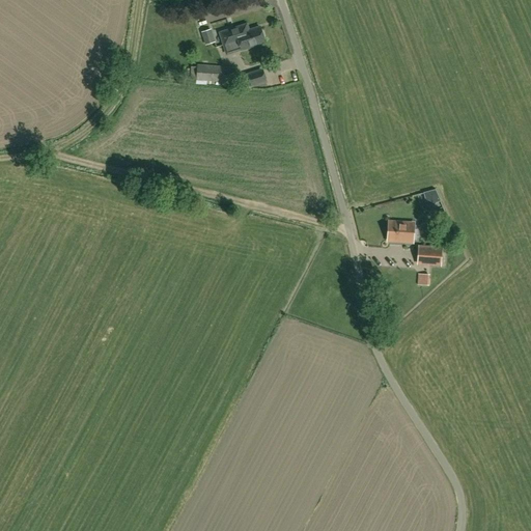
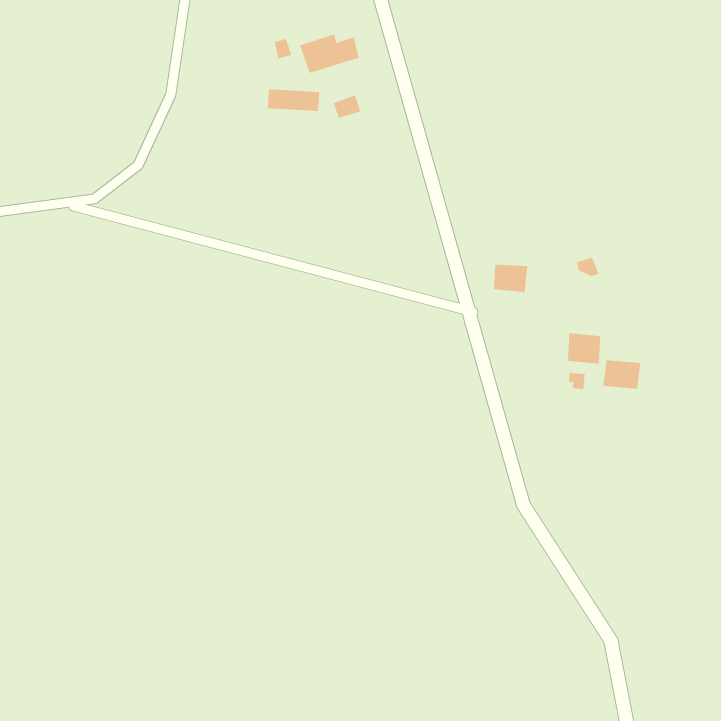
building: [388,222,414,243] -> [493,264,528,292]
building: none -> [603,360,641,389]

